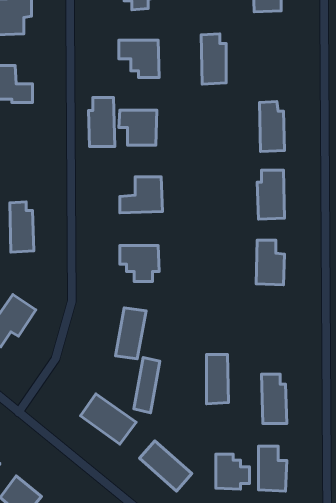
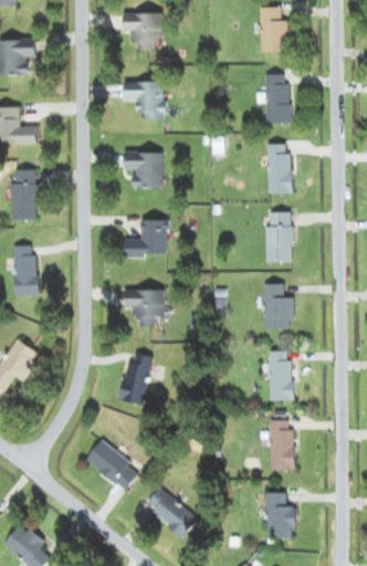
building: [201,34,226,84] -> [264,73,290,124]
building: [88,97,115,147] -> [10,169,36,219]
building: [207,355,228,404] -> [269,350,291,400]
building: [134,357,160,413] -> none
building: [216,454,249,489] -> none

